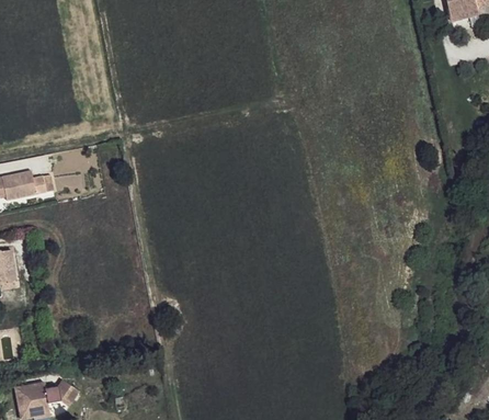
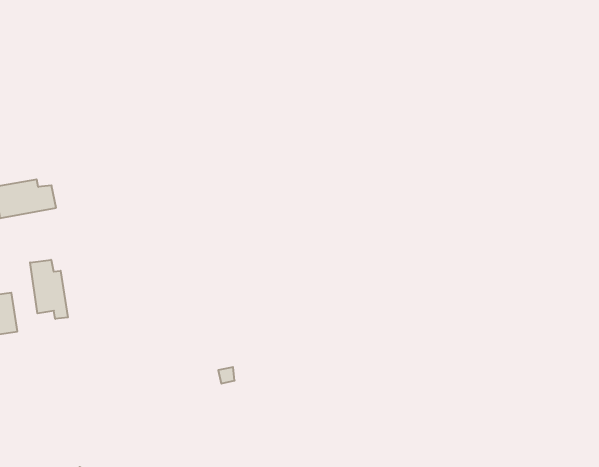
building: none -> [30,260,68,319]

